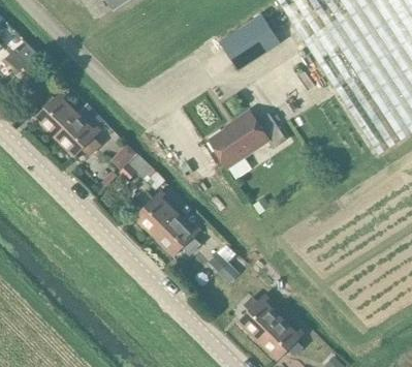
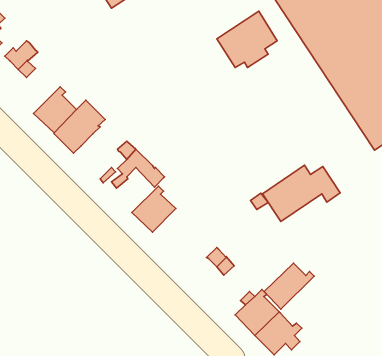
building: [209,111,287,167] -> [262,165,340,222]
building: [155,212,201,255] -> none
building: none -> [264,263,314,309]

